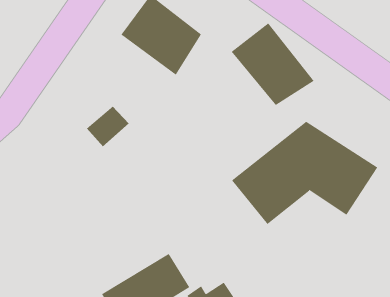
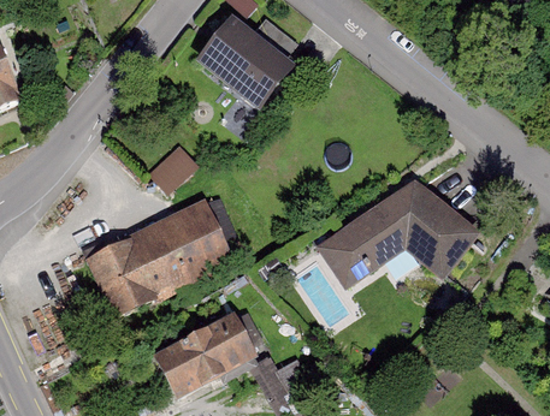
building: [231,22,314,106] -> none
building: none -> [90,195,232,314]

